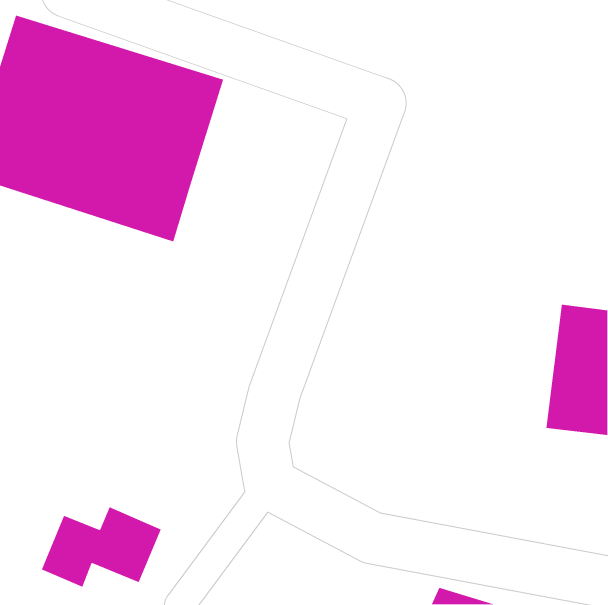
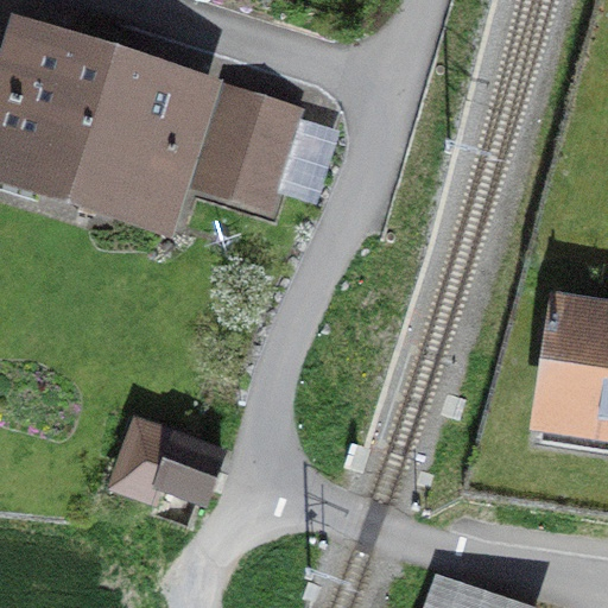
building: none -> [189,78,293,207]
building: [41,506,162,588] -> [107,429,227,509]

